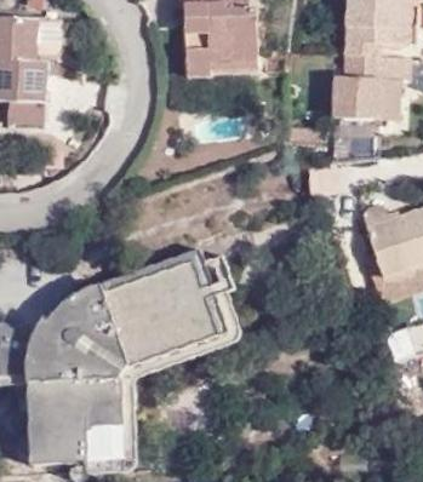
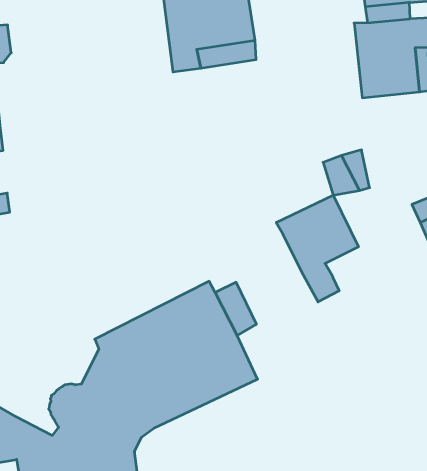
building: none -> [276,195,358,302]
building: [23,287,98,361] -> none

